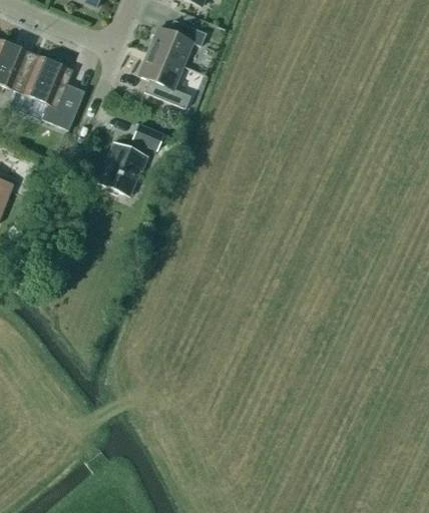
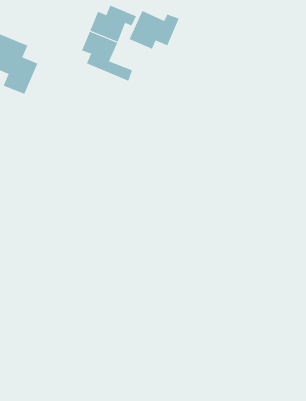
building: none -> [129,10,179,50]
building: [98,123,163,194] -> none

